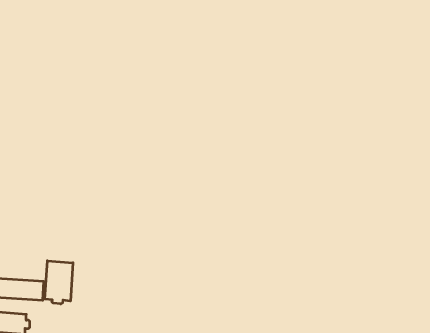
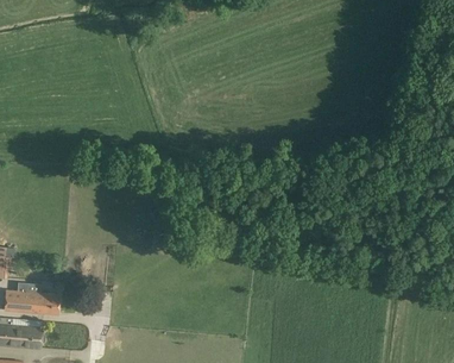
building: [45,261,73,304] -> none

